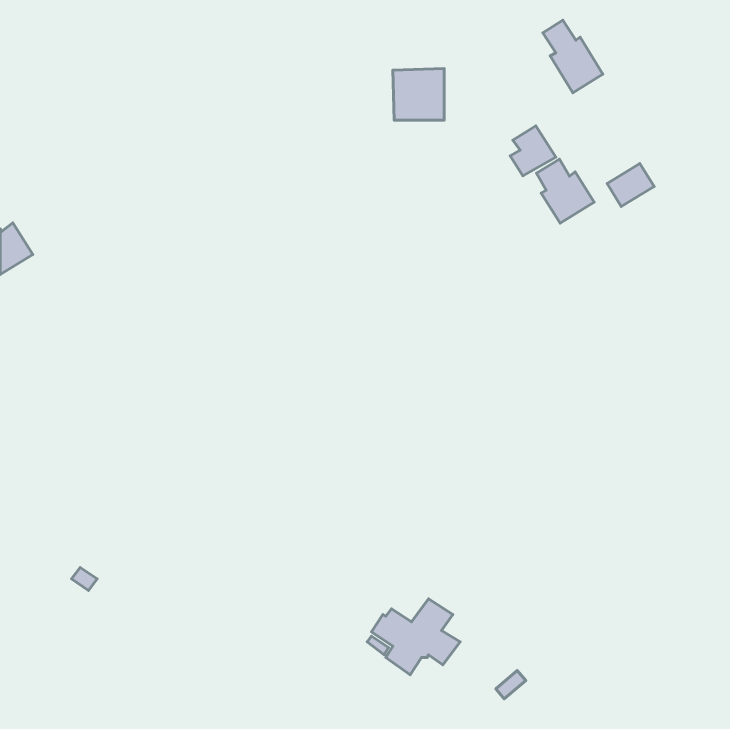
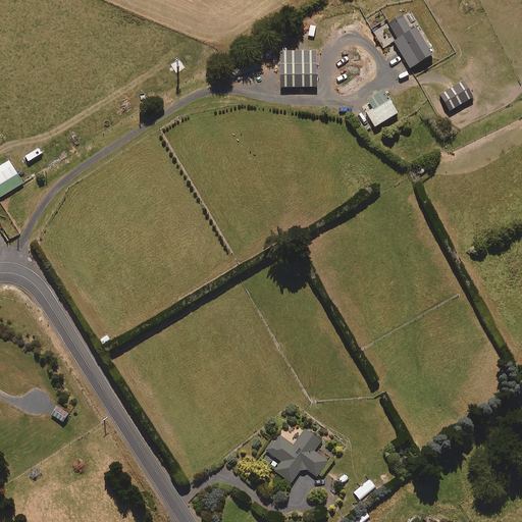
building: [536,159,594,223] -> none
building: [607,164,654,207] -> [438,80,472,110]

